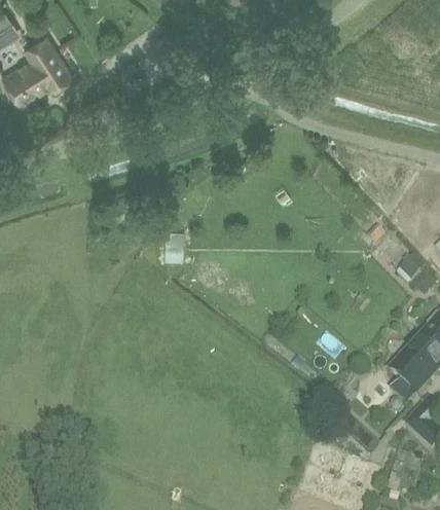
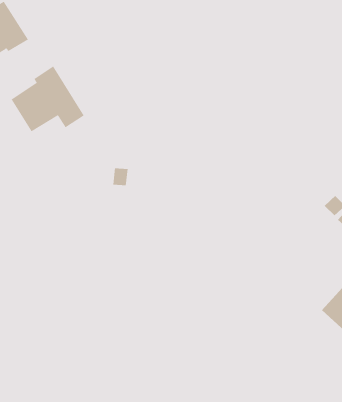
building: none -> [11,65,85,132]

